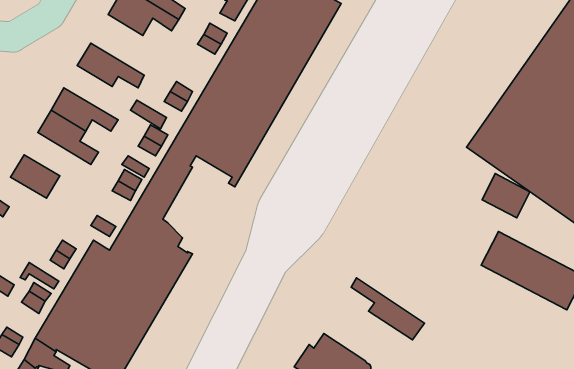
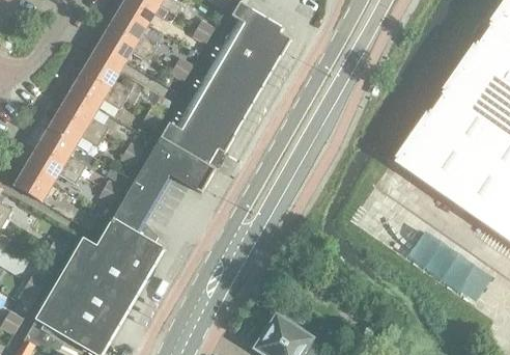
building: none -> [80,48,131,99]
building: none -> [57,90,108,136]
building: none -> [24,146,80,183]
building: [482,174,530,218] -> none
building: [351,278,425,340] -> none

